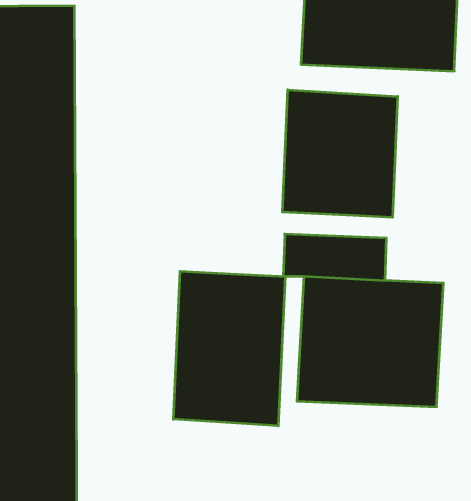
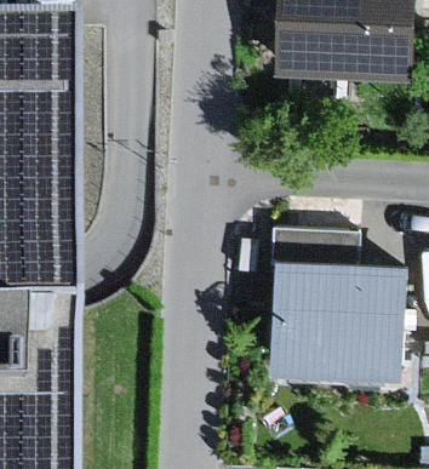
building: [282,90,398,217] -> none
building: [173,271,285,426] -> none

